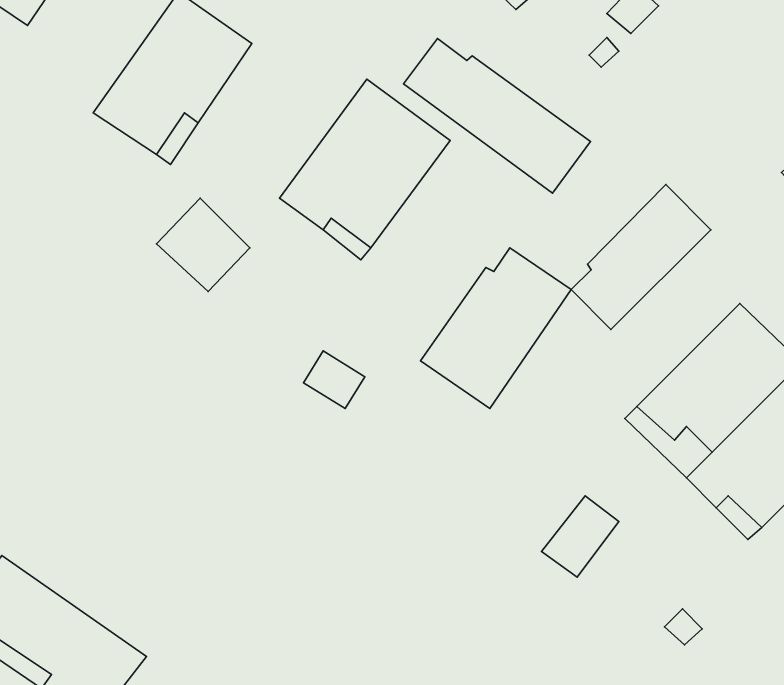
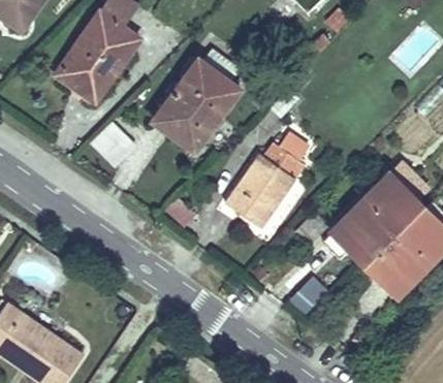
building: [404,38,590,193] -> none
building: [571,185,711,330] -> none

